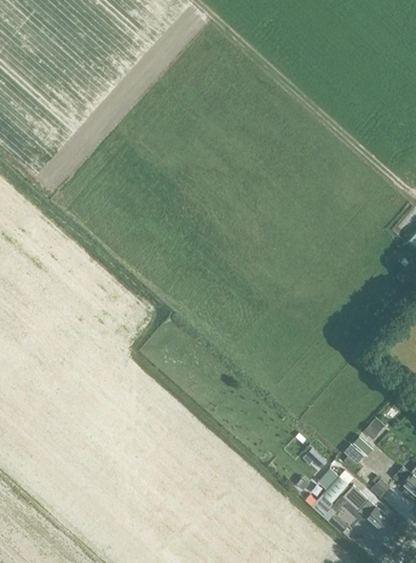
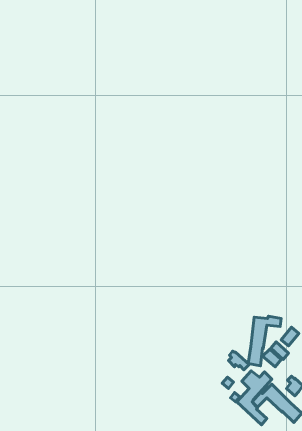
building: none -> [248,316,281,366]

